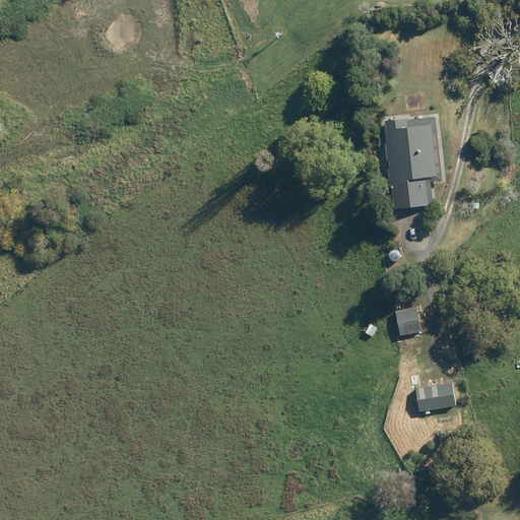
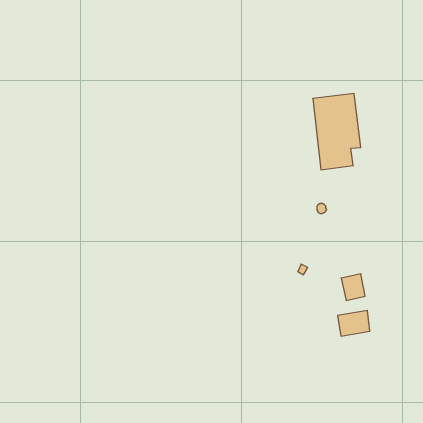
building: [393,305,422,337] -> [341,274,365,300]

